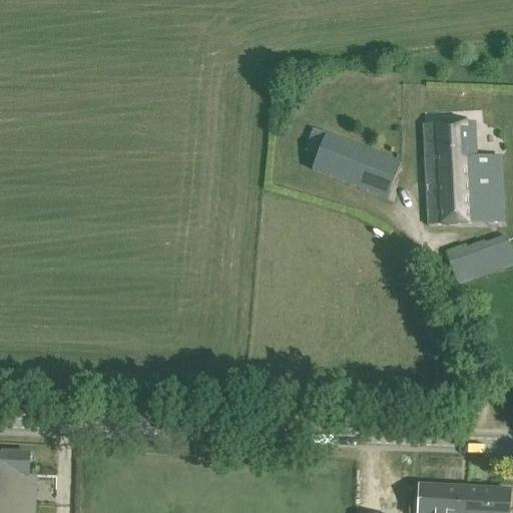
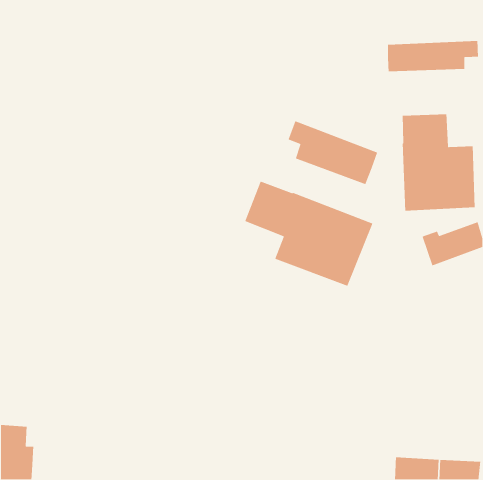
building: none -> [387,40,479,72]
building: none -> [244,180,374,287]

